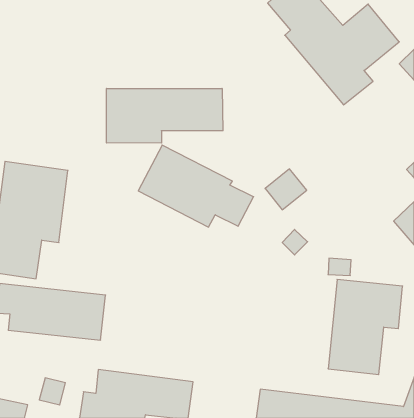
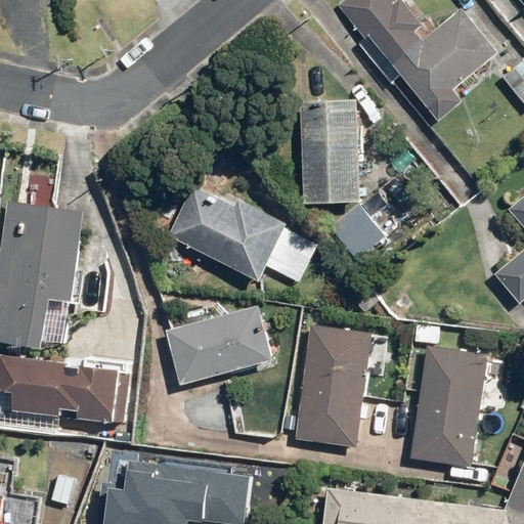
building: none -> [302,101,357,205]
building: [107,88,223,143] -> none
building: none -> [165,305,273,386]
building: none -> [296,324,367,447]

